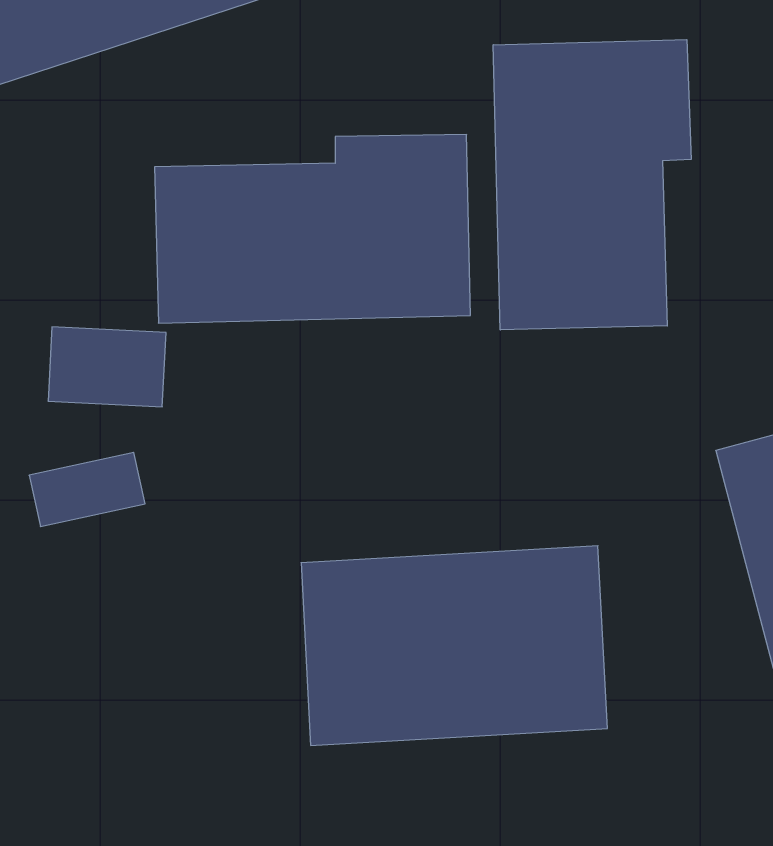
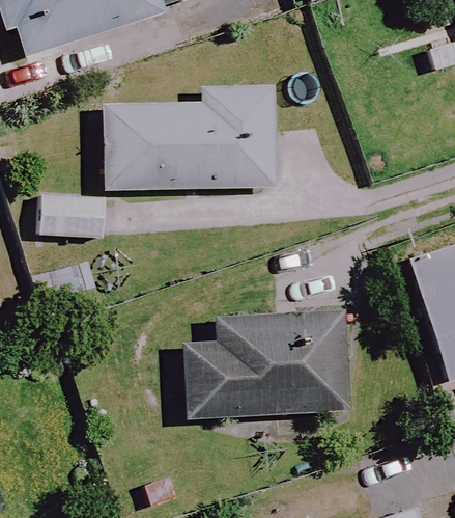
building: [493,40,691,330] -> none

